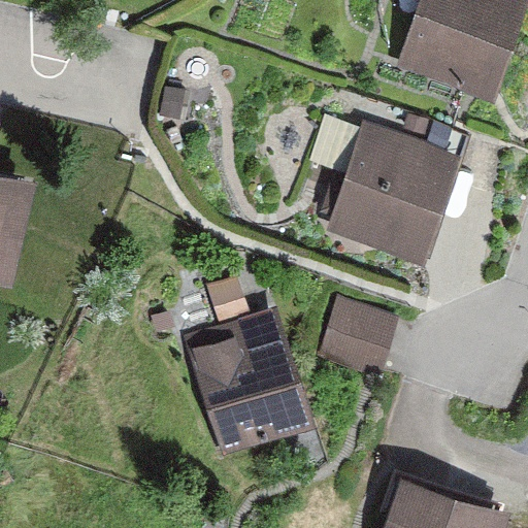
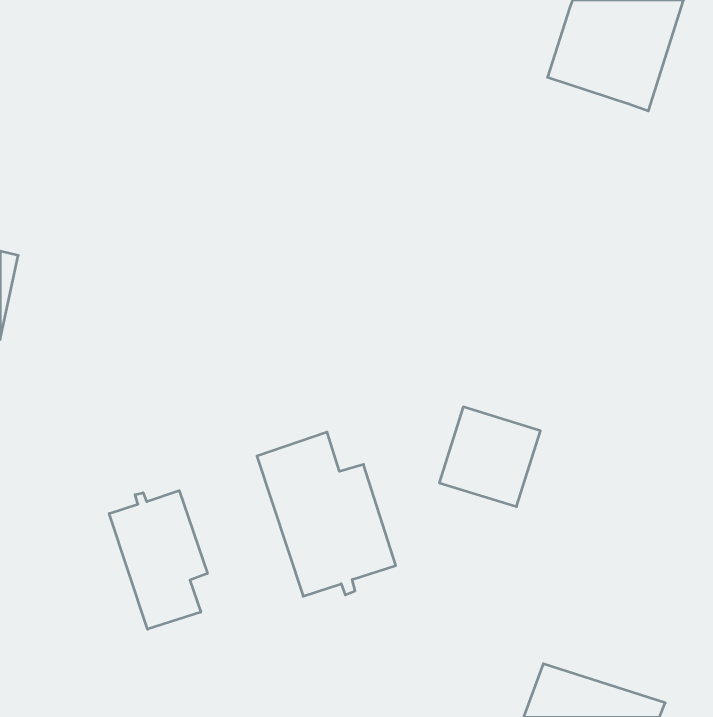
building: [329,130,438,244] -> none
building: none -> [109,491,207,629]

